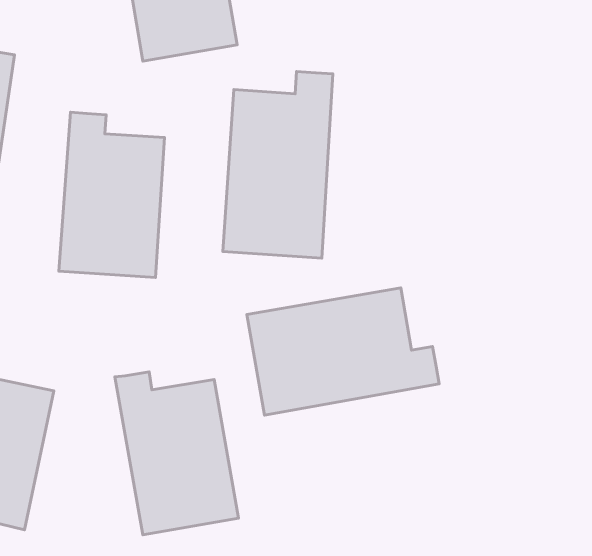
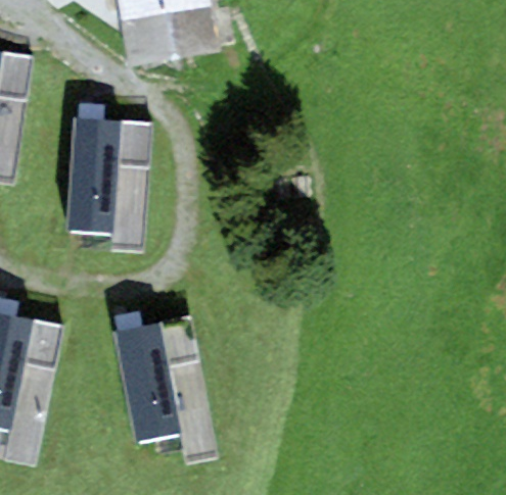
building: [223,72,333,258] -> none
building: [247,288,439,415] -> none

